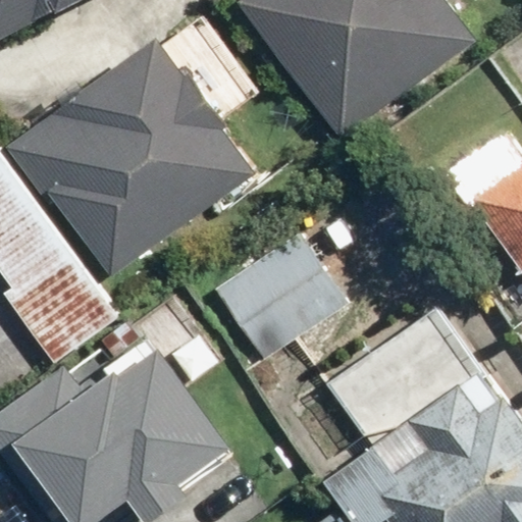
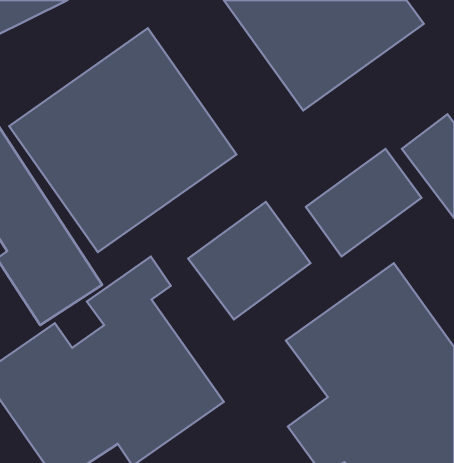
building: none -> [306,149,421,257]

